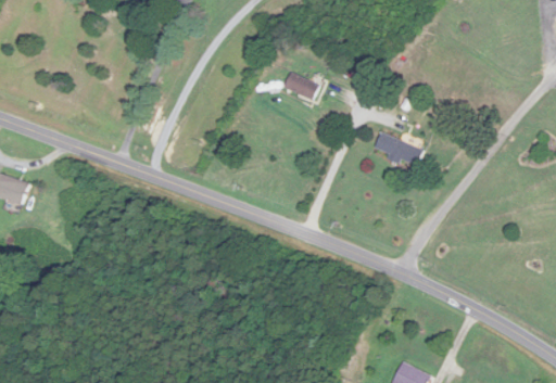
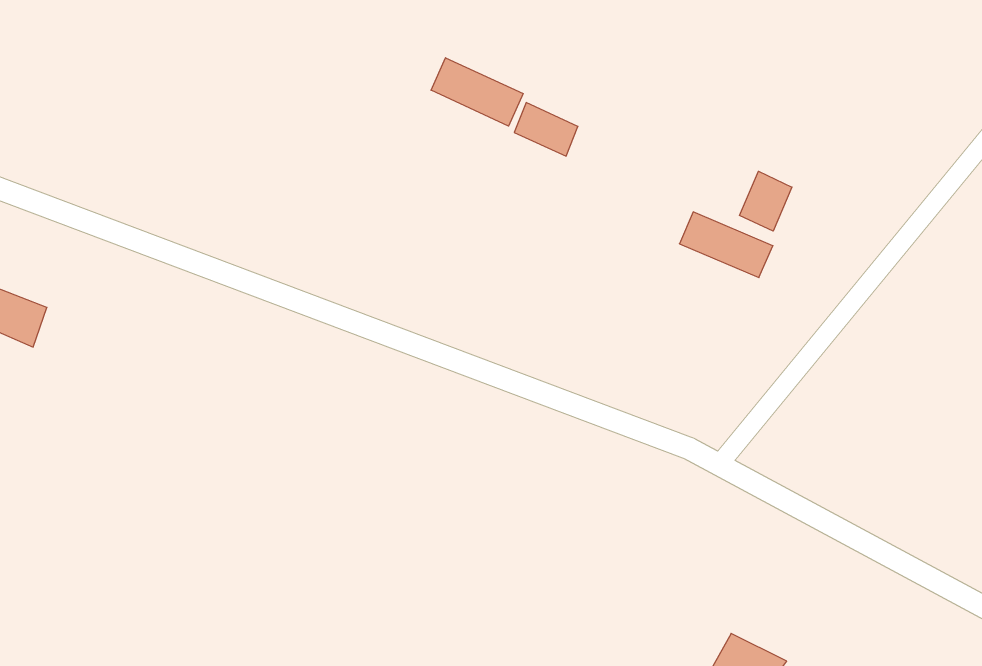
building: none -> [431,58,523,126]
building: none -> [740,171,792,231]

